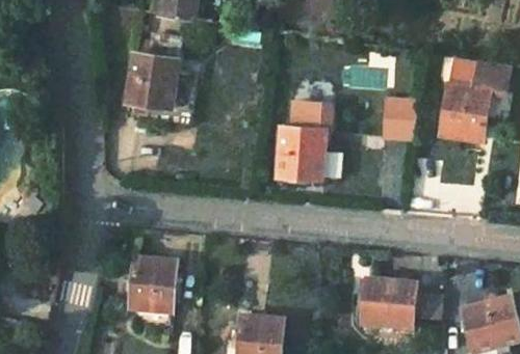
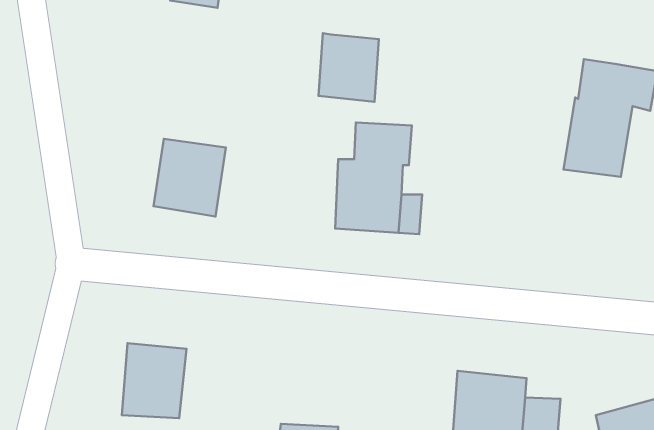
building: none -> [319,33,379,102]
building: [125,53,176,108] -> [154,139,226,217]
building: [379,97,417,138] -> none

